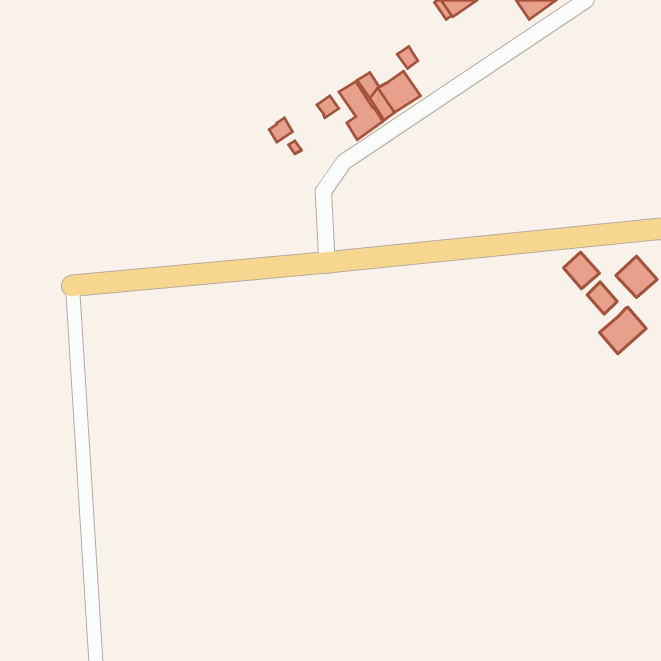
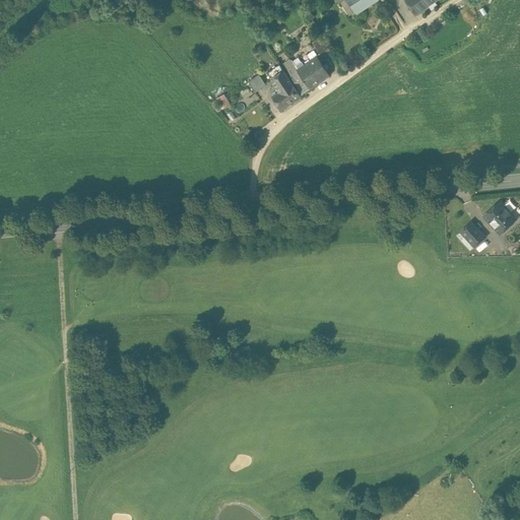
building: [564,252,599,289] -> none
building: [599,307,646,354] -> none

